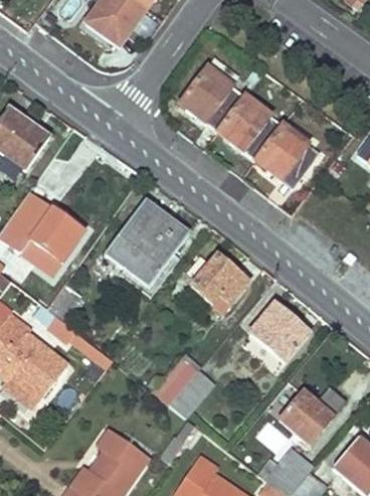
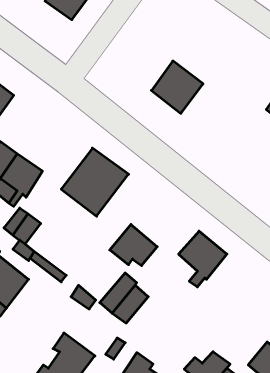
building: [178,55,242,132] -> none
building: [252,124,320,189] -> none
building: [190,255,248,305] -> [110,224,157,266]
building: [280,380,342,444] -> none

